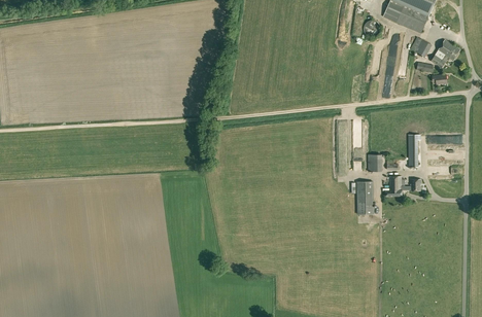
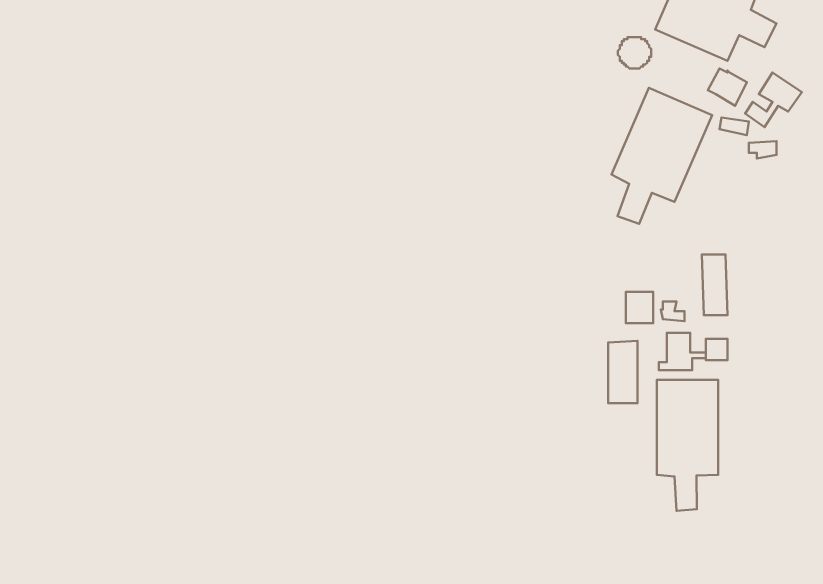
building: none -> [611,88,712,224]
building: none -> [657,380,718,511]

